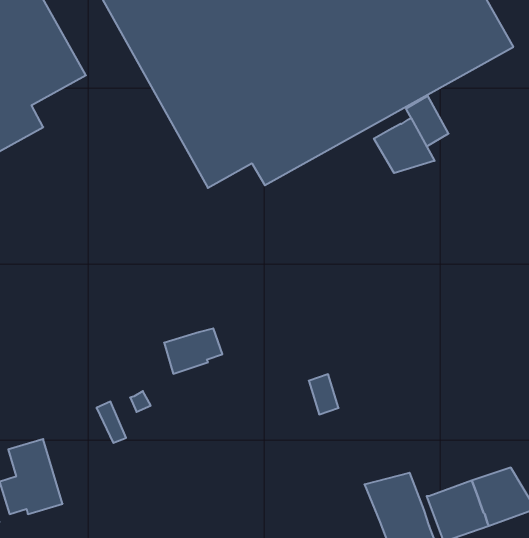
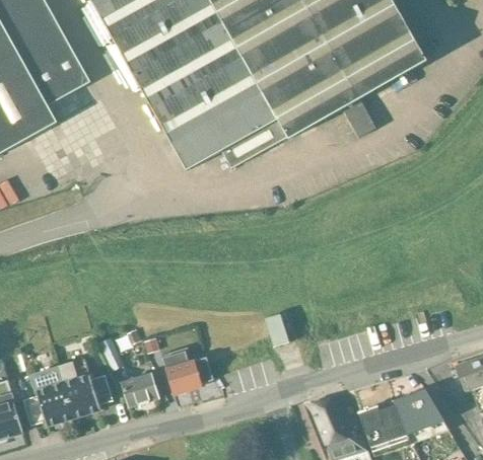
building: [374,118,435,173] -> none
building: [164,328,222,374] -> [165,359,211,394]
building: none -> [57,359,112,417]
building: none -> [122,374,157,406]

